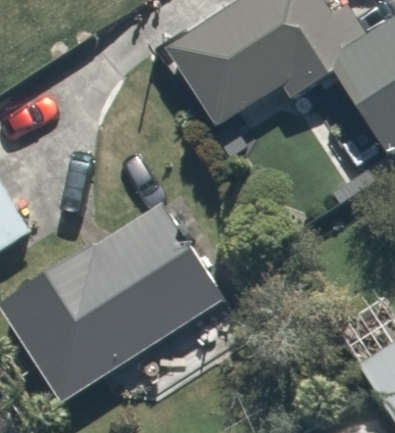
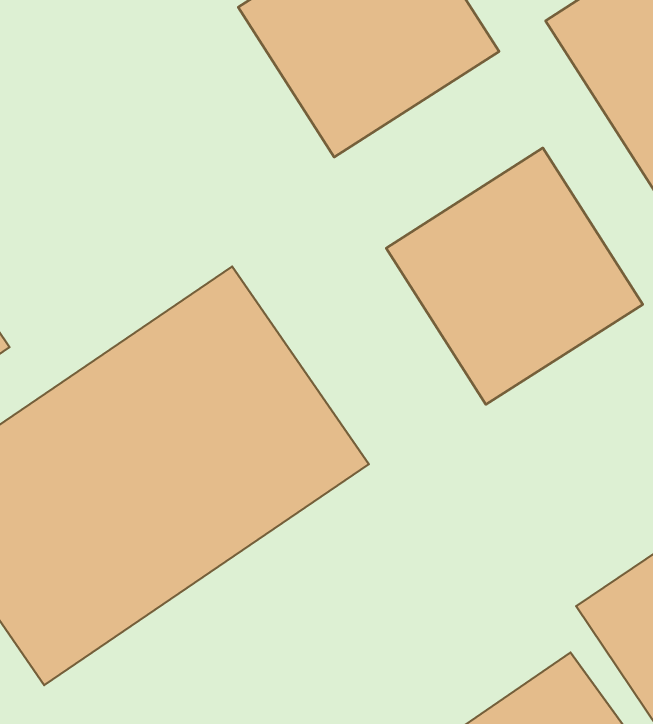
building: none -> [386,148,643,405]

